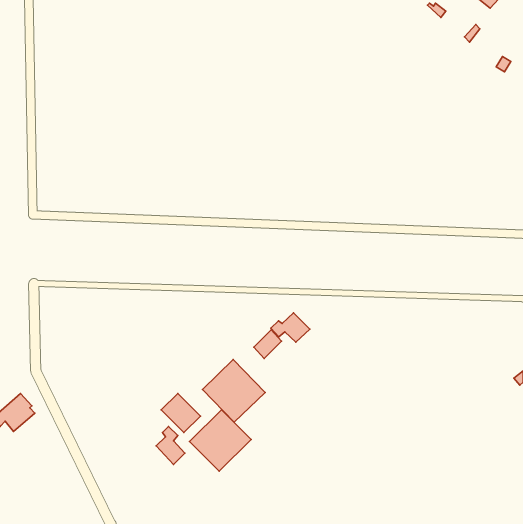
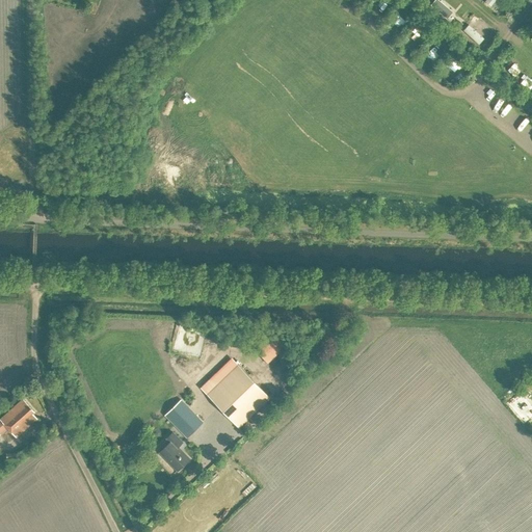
building: [271,313,310,342] -> none
building: [190,410,251,471] -> none

